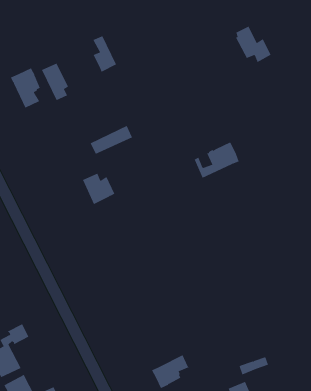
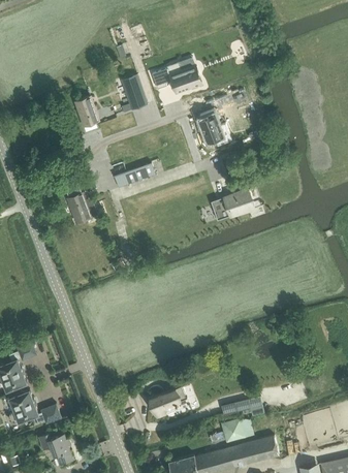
building: none -> [151,63,200,92]
building: [235,26,271,63] -> [197,109,230,146]
building: [10,67,41,110] -> none
building: [82,173,115,205] -> [66,192,96,222]

